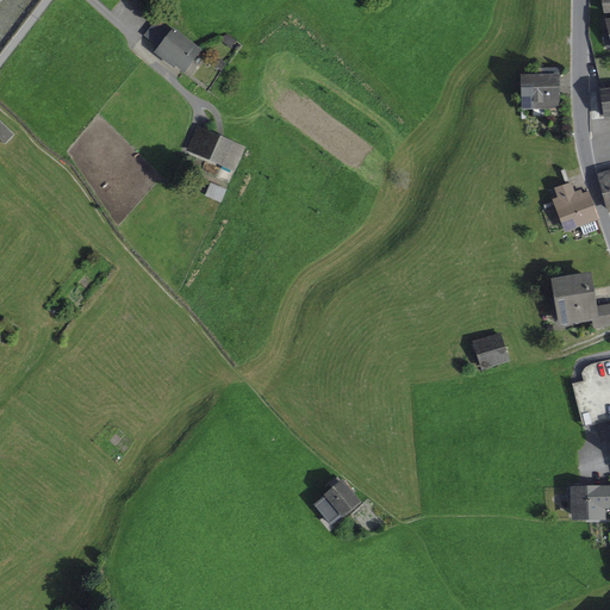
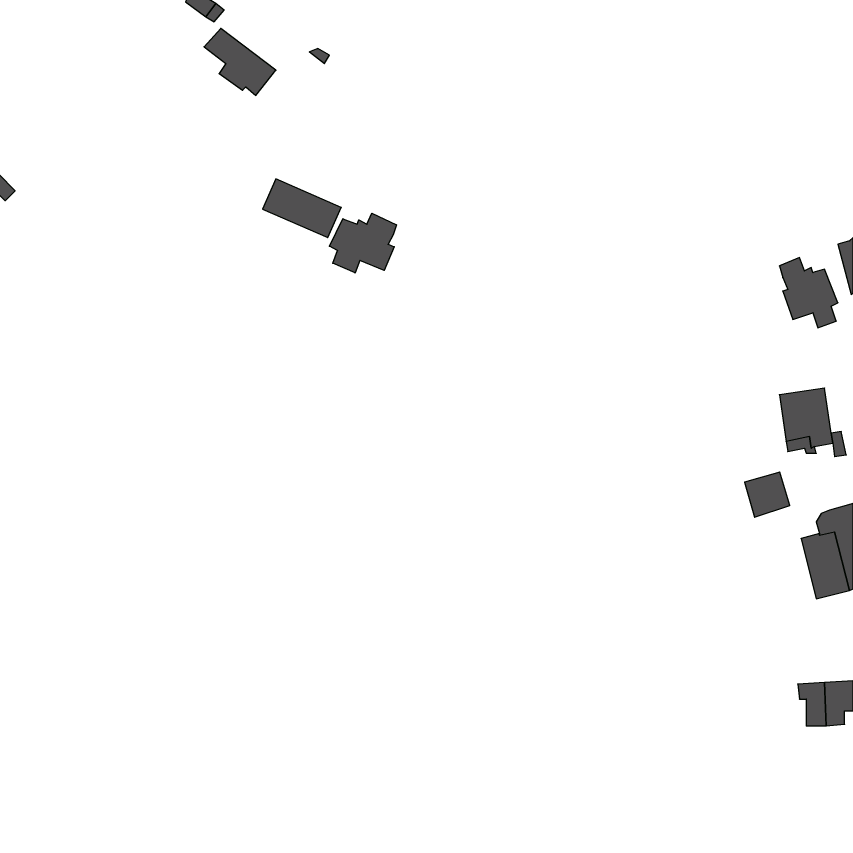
building: [523,68,558,106] -> none
building: none -> [329,213,396,273]
building: [475,335,508,367] -> [745,472,790,517]
building: [315,480,357,523] -> none

